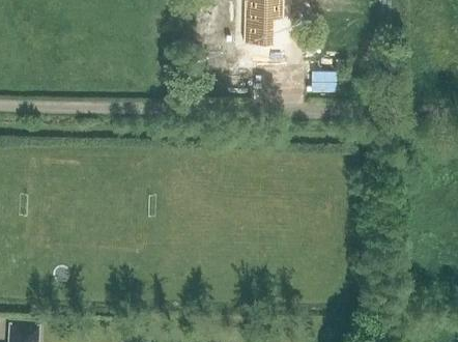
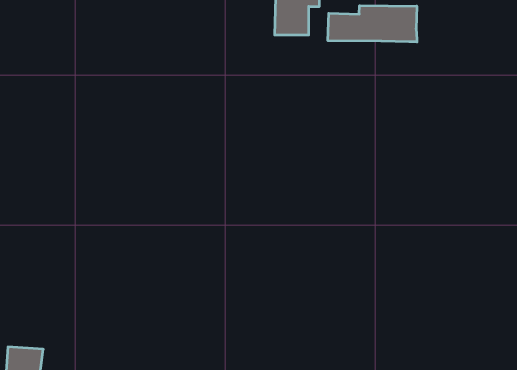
building: none -> [328,6,417,42]

